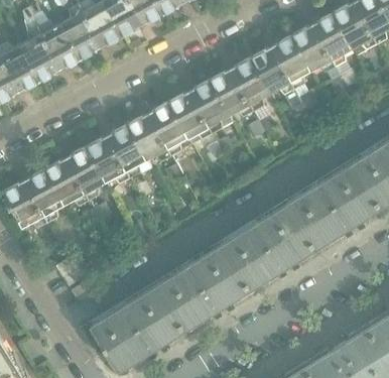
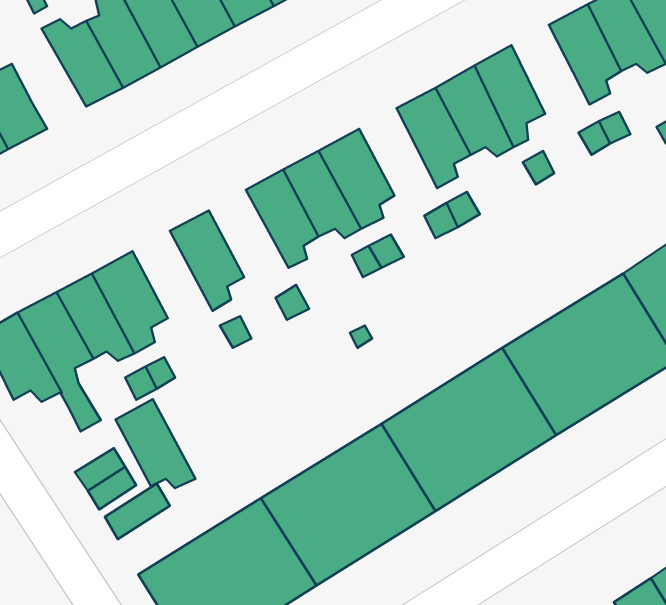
building: [293,24,336,73] -> none
building: [22,26,62,81] -> none
building: [211,70,253,118] -> none
building: [129,114,172,162] -> none
building: [88,136,131,184] -> [116,399,195,488]

